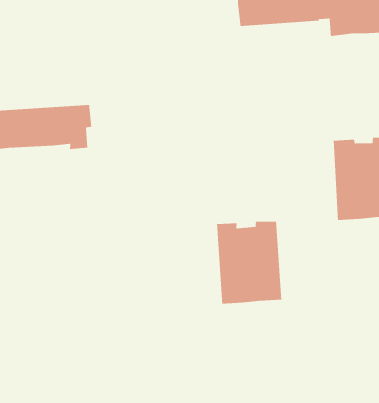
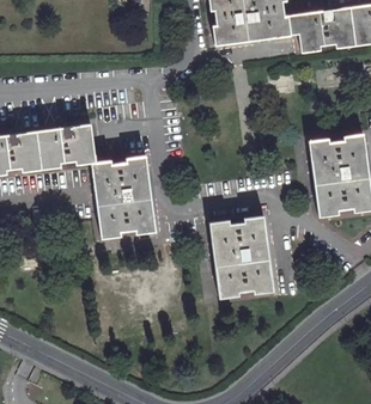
building: none -> [91,155,156,234]

